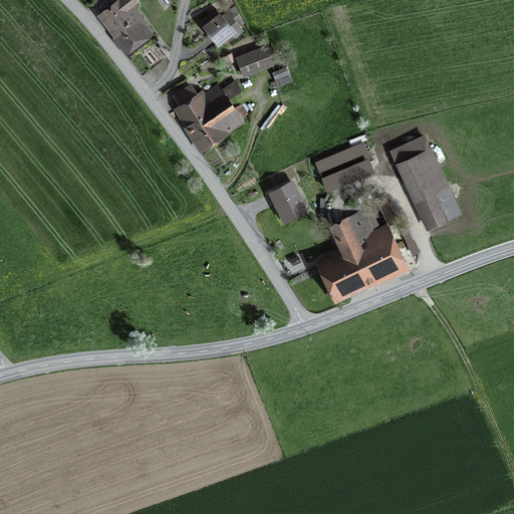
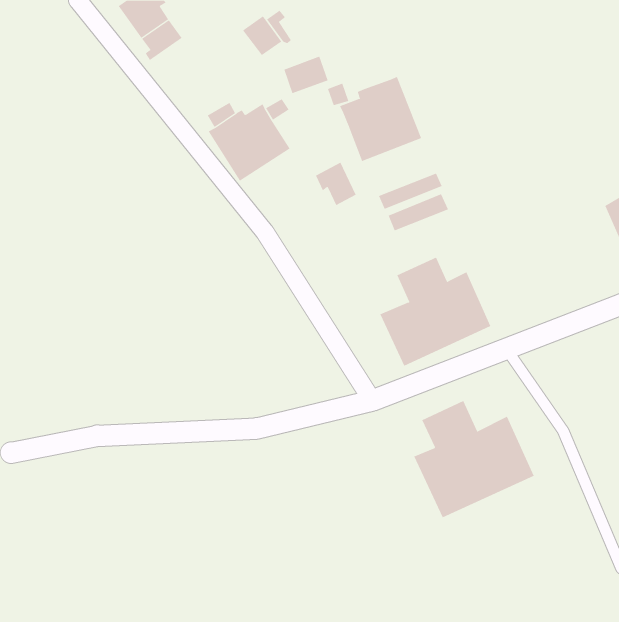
building: none -> [339,76,422,162]
building: [390,135,461,230] -> none
building: [273,182,307,218] -> [315,162,356,206]
building: none -> [413,400,534,518]

